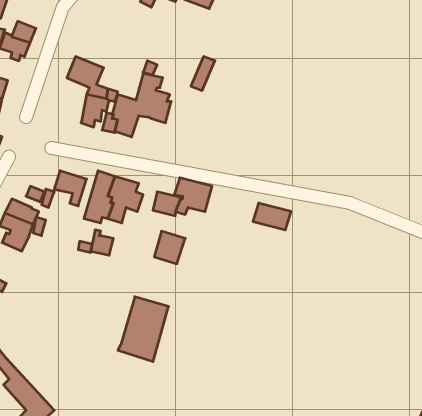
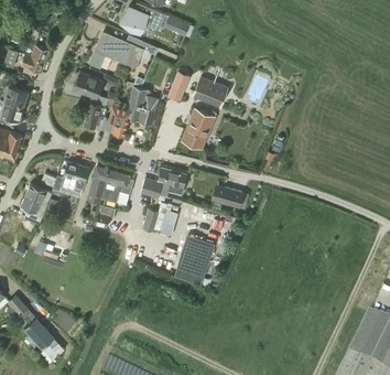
building: none -> [90,32,158,67]
building: none -> [193,76,227,106]
building: none -> [181,107,215,148]
building: [118,297,169,362] -> [174,233,214,283]

